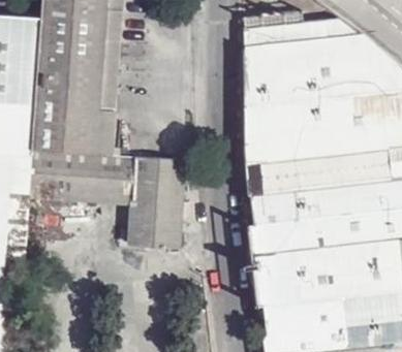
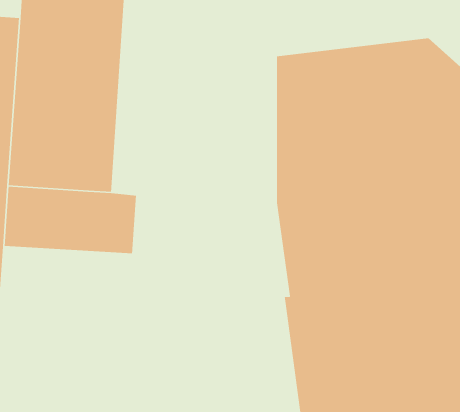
building: [243,11,363,47] -> none
building: [128,157,185,247] -> none

